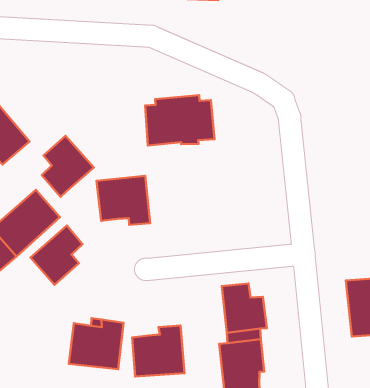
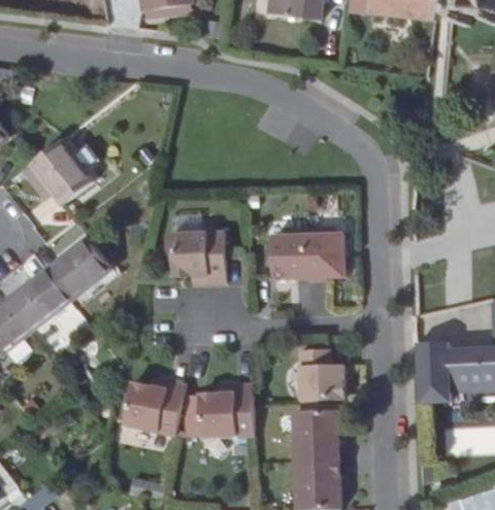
building: [145,95,215,146] -> [268,226,340,278]
building: [42,136,94,197] -> none
building: [30,225,83,285] -> none

